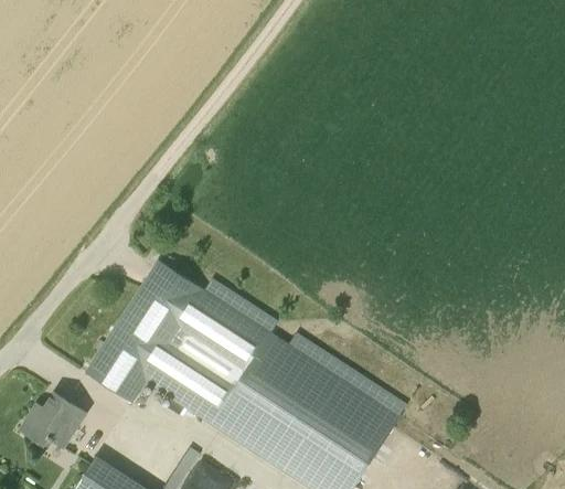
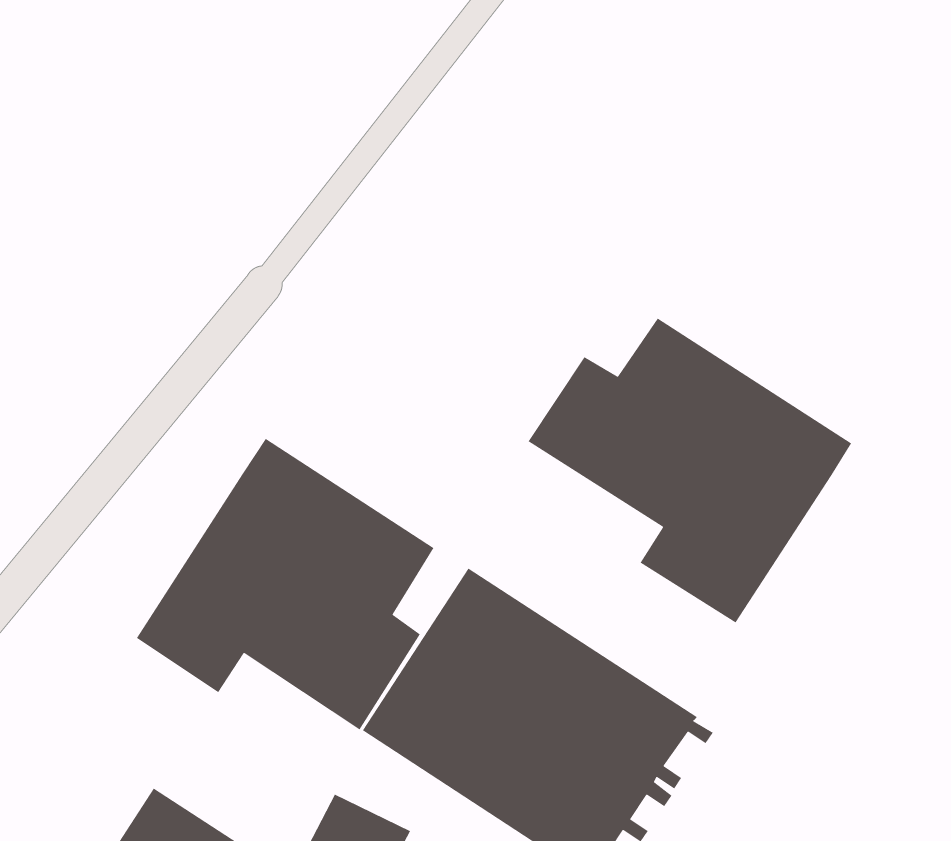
building: none -> [528,318,852,624]
building: [19,390,86,447] -> none

